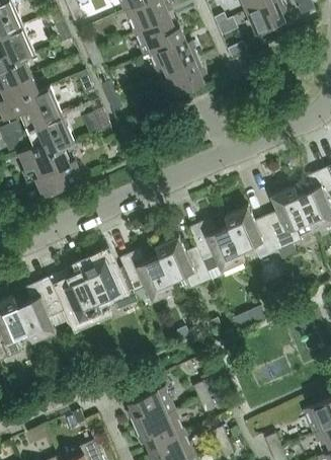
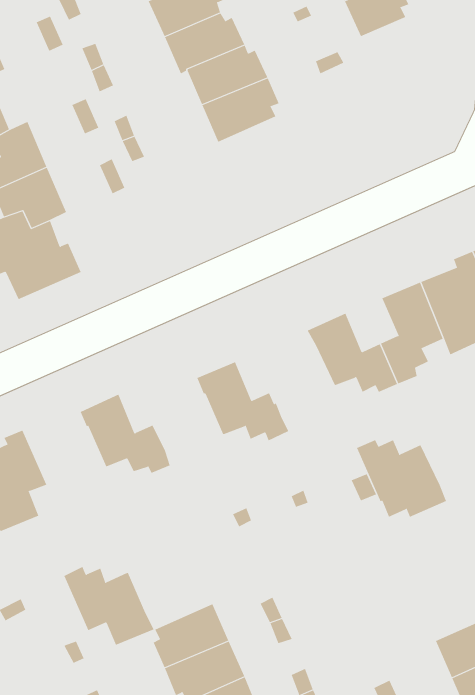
building: [188,222,245,271] -> [356,440,447,518]
building: [119,251,176,301] -> none
building: [47,272,103,321] -> [64,566,154,646]

